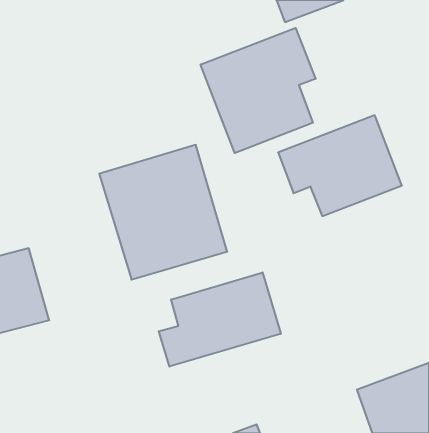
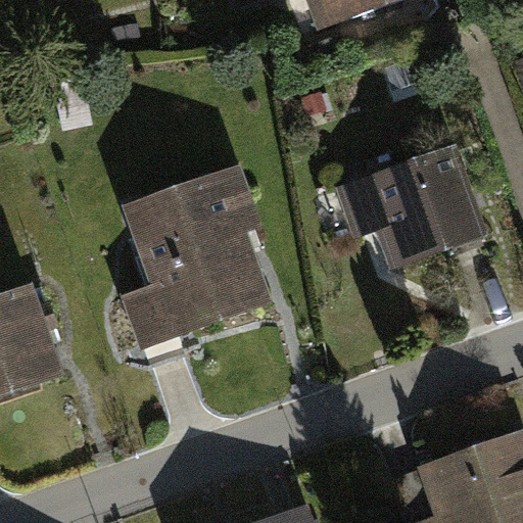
building: [201,28,316,153] -> none
building: [159,272,281,367] -> none

